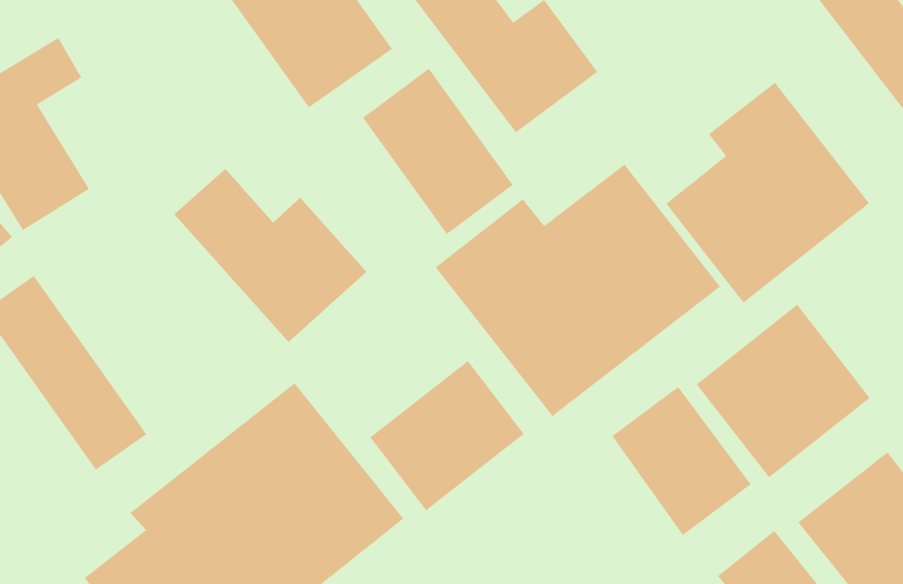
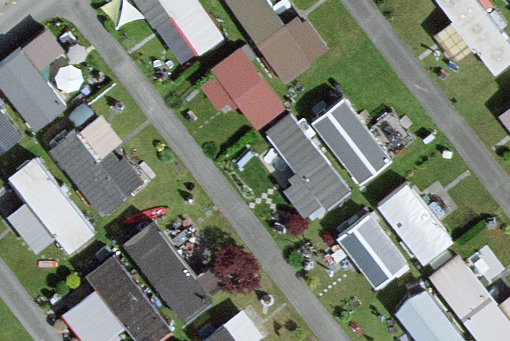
building: [665,82,870,303] -> none
building: [174,168,367,343] -> [46,126,147,217]
building: [370,360,524,511] -> none

